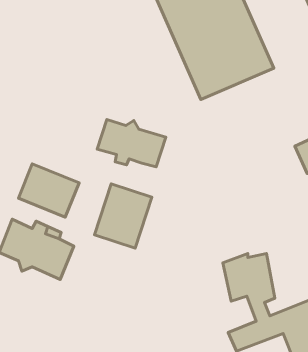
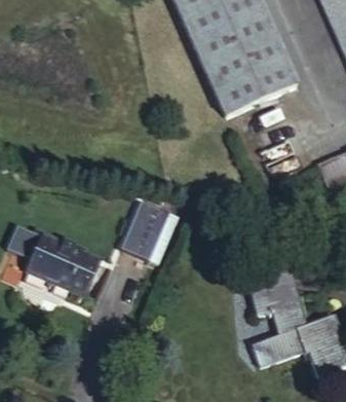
building: [97,120,166,167] -> none
building: [18,164,79,217] -> none

